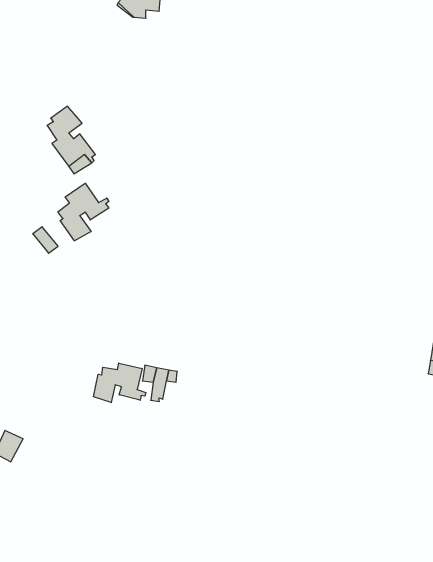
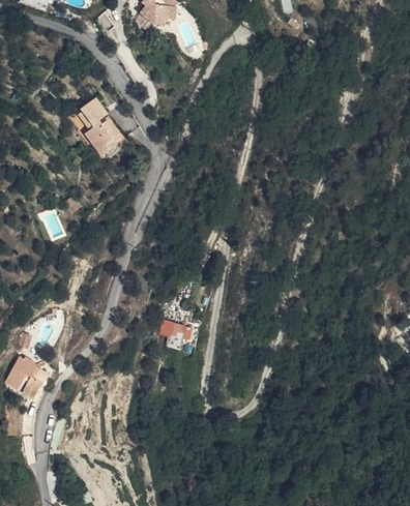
building: [58,183,109,241] -> none
building: [94,363,146,403] -> none

